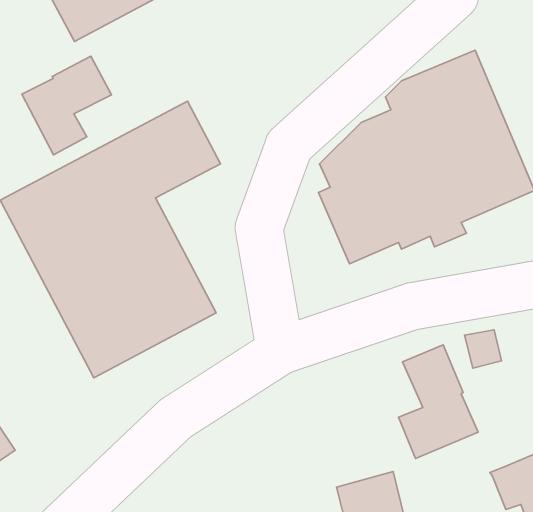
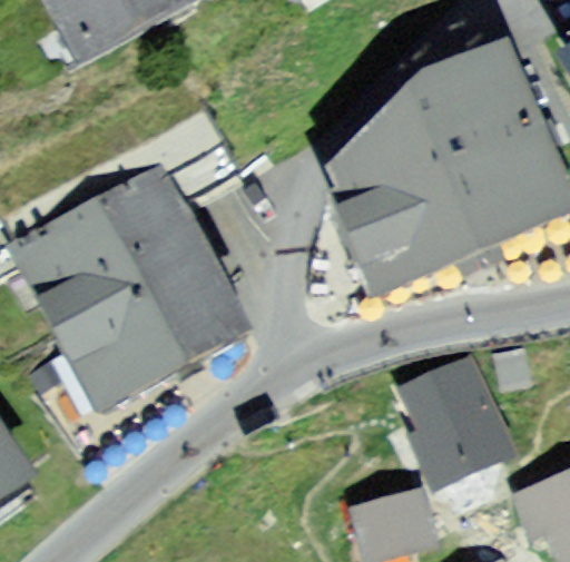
building: [22,56,112,155] -> none

